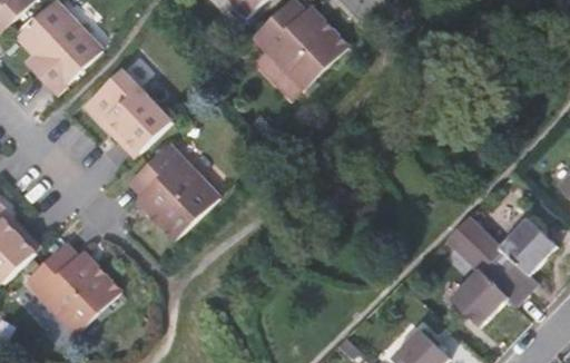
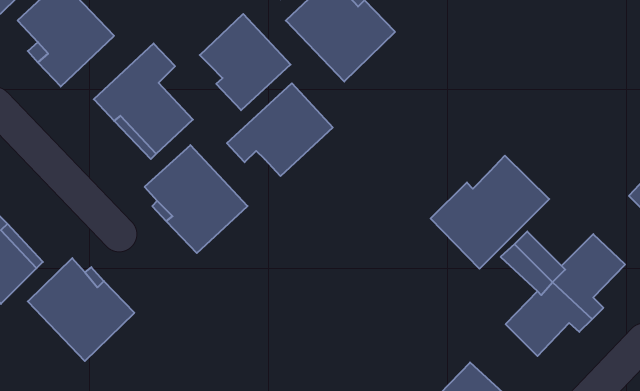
building: none -> [200,14,291,110]
building: none -> [227,83,333,176]
building: none -> [431,156,549,269]

